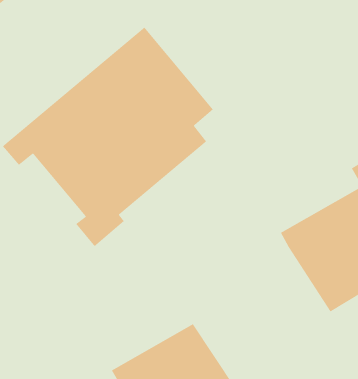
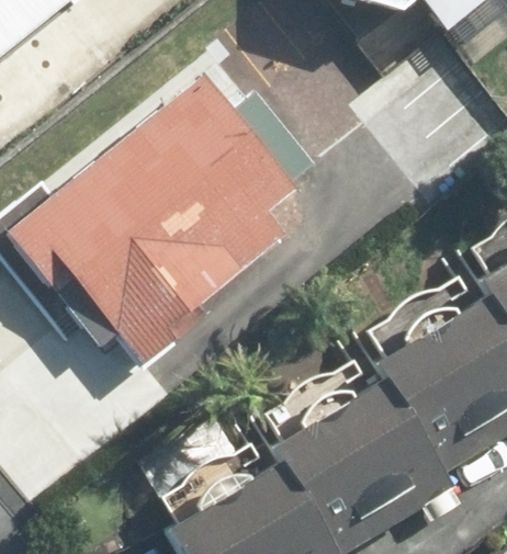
building: none -> [286,369,464,535]

